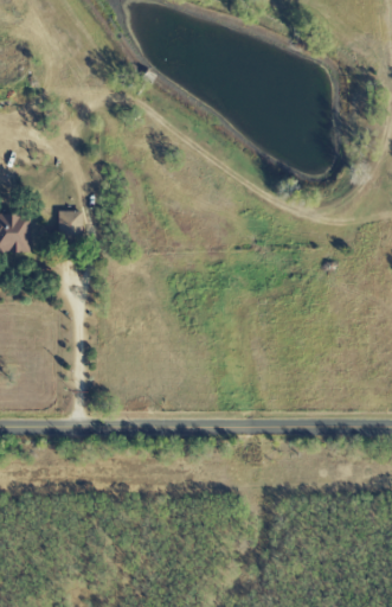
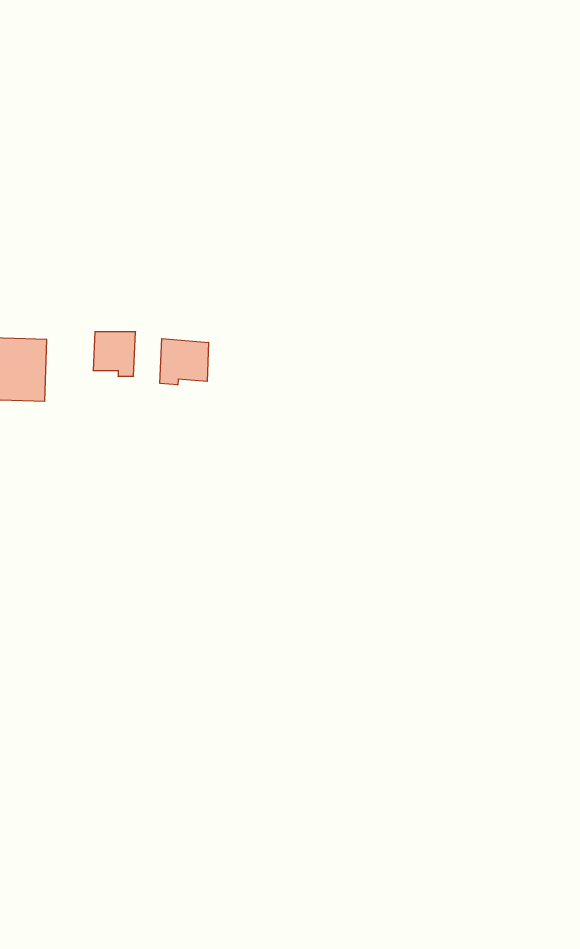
building: none -> [160,339,209,385]

